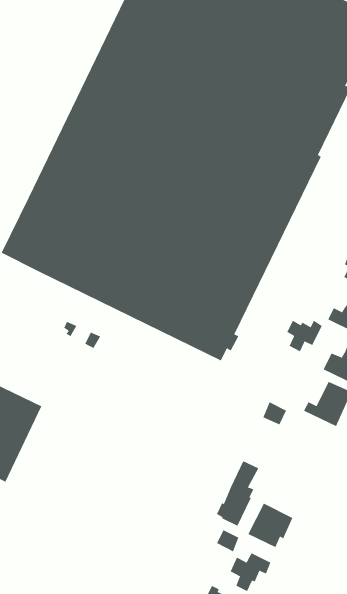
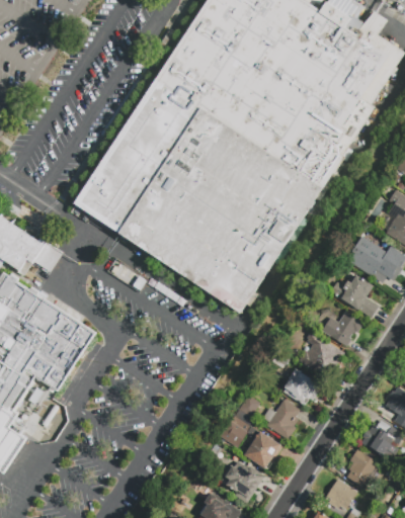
building: [287,320,322,352] -> none
building: none -> [275,376,322,410]
building: none -> [266,400,300,440]

